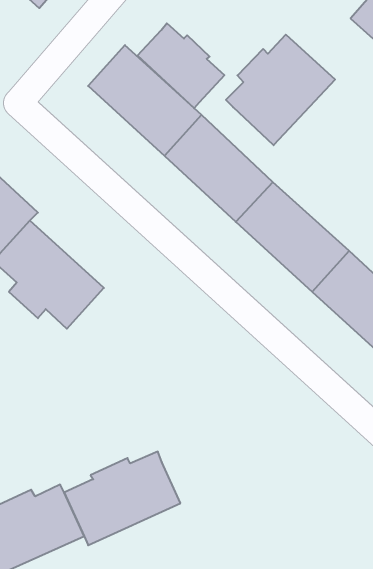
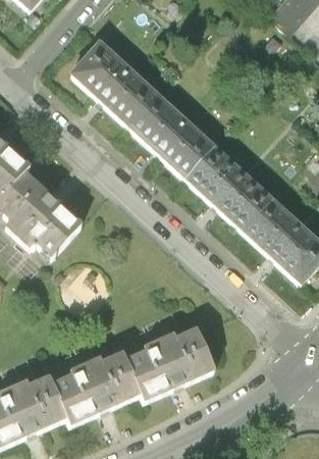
building: [138,23,224,108] -> none
building: [226,35,335,145] -> none
building: none -> [126,328,215,401]

